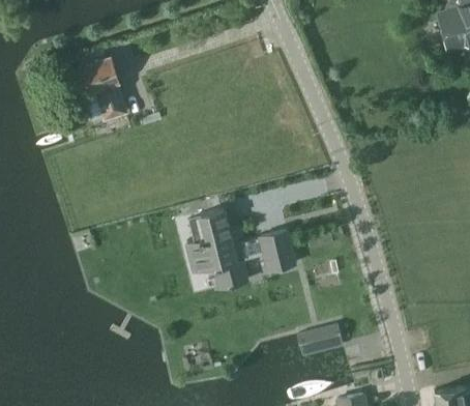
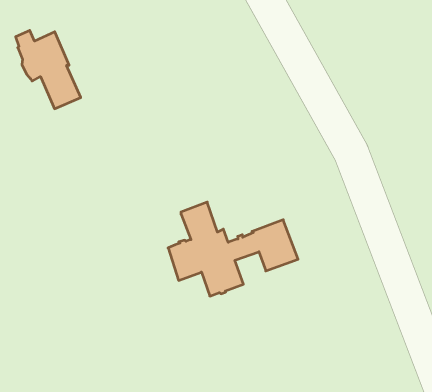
building: [297,324,343,356] -> none

